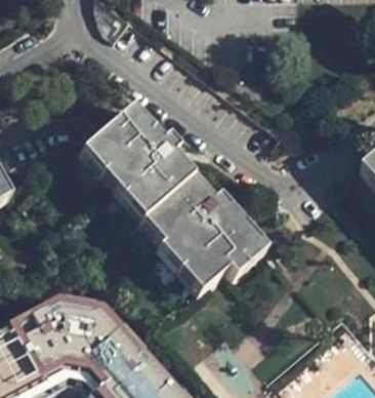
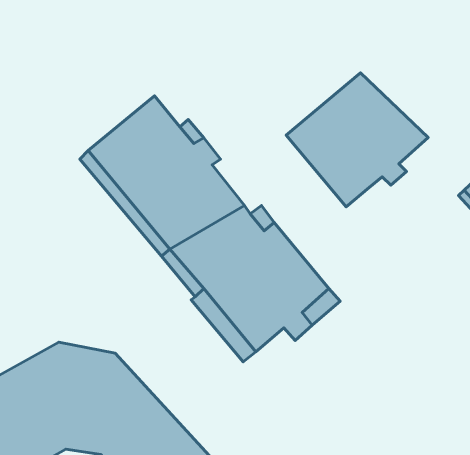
building: none -> [286,73,428,207]

